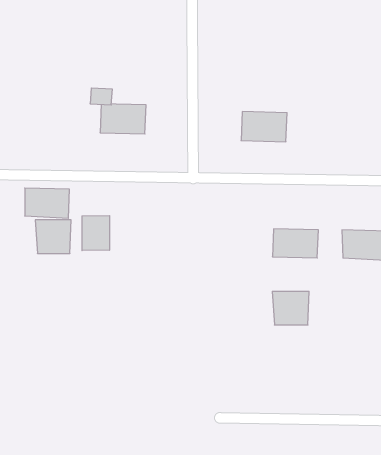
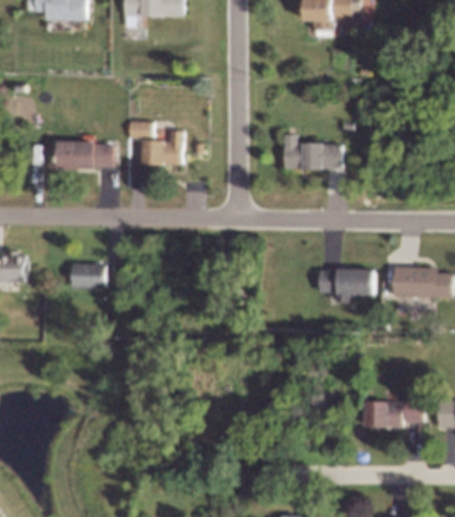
building: [25,188,69,218] -> [56,139,103,171]
building: [82,216,109,251] -> none
building: [272,291,309,325] -> [374,391,414,427]

